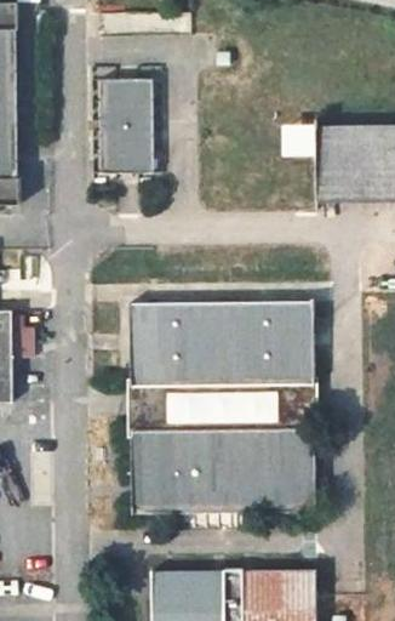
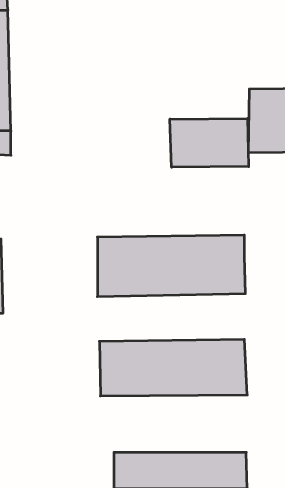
building: [98,80,155,173] -> none
building: none -> [170,118,249,167]
building: [128,377,313,437] -> none

